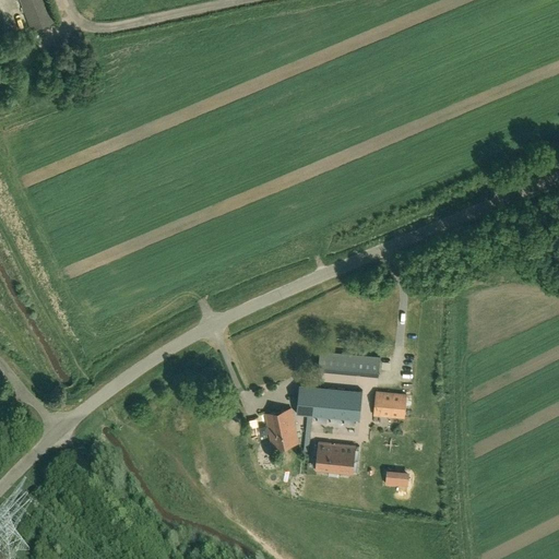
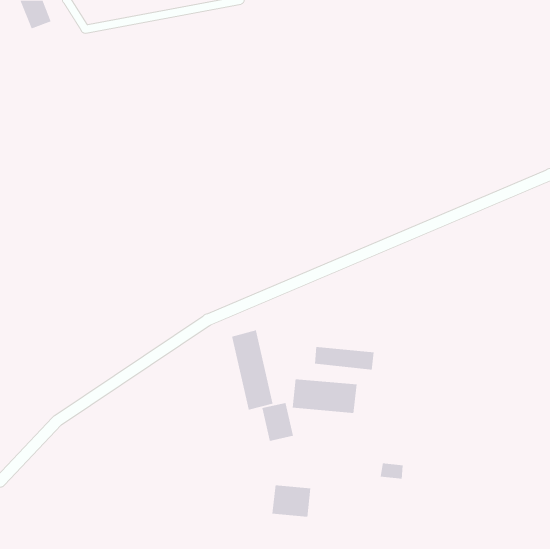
building: none -> [232,330,273,411]
building: [374,392,406,418] -> none
building: [316,442,356,475] -> [272,485,311,517]

